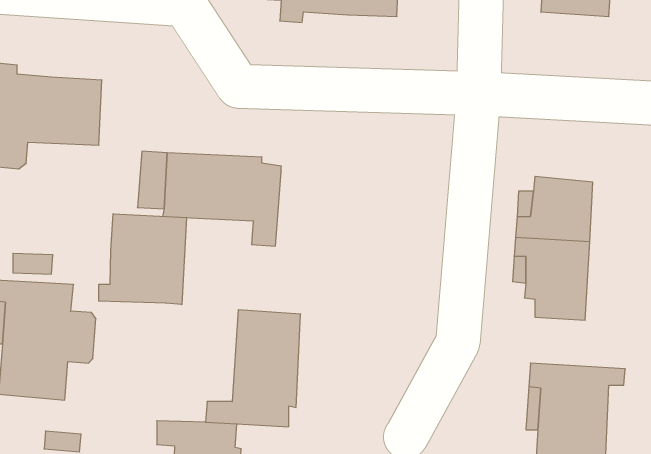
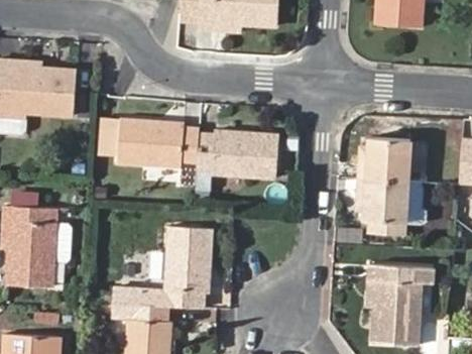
building: none -> [195,130,279,190]
building: [99,214,187,305] -> none

